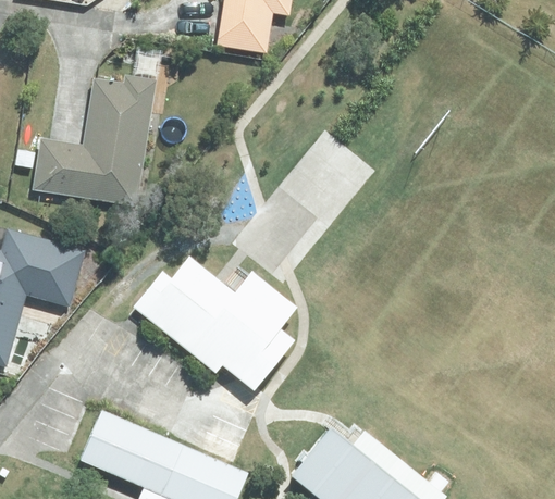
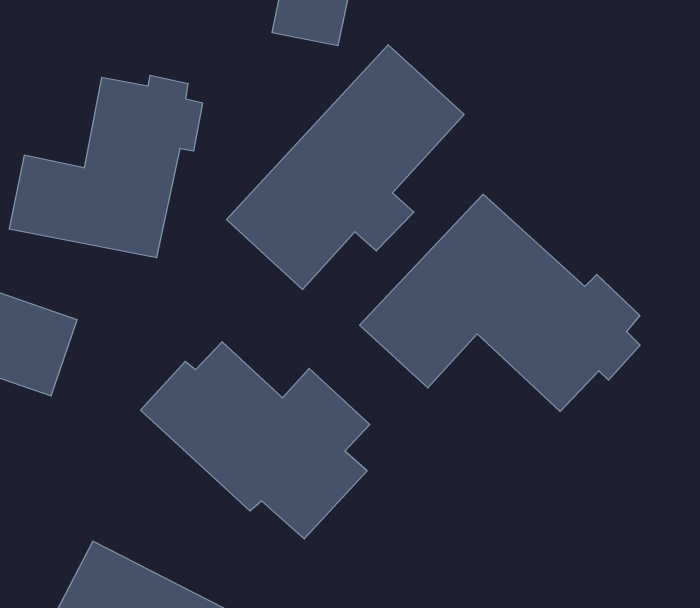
building: none -> [227,45,464,289]
building: none -> [360,194,640,412]

